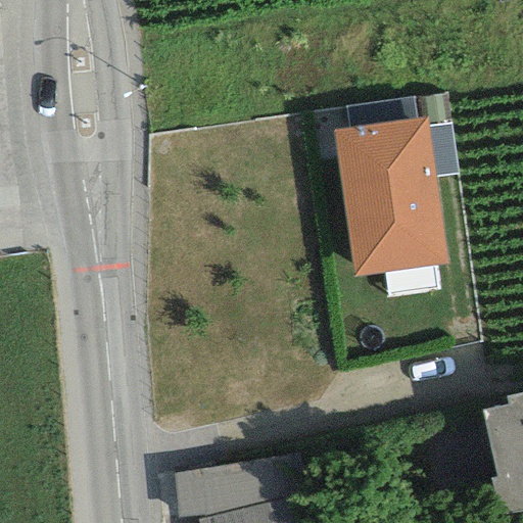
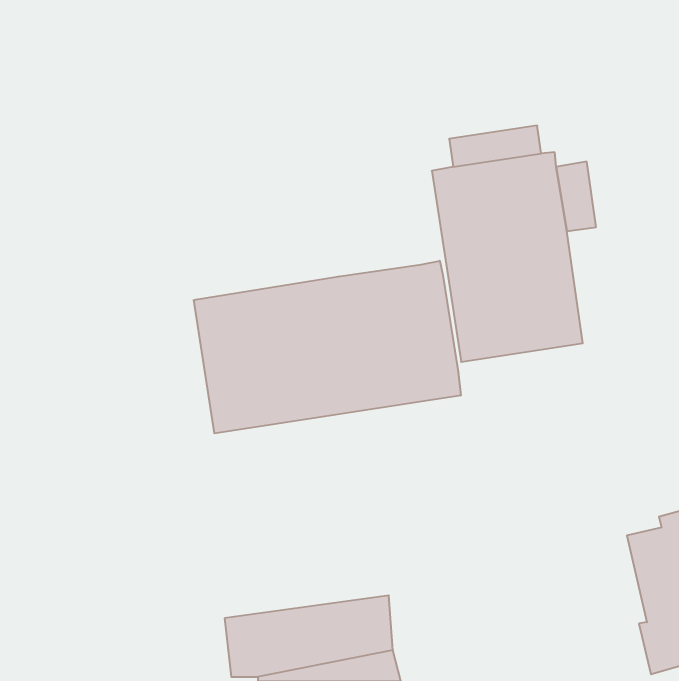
building: none -> [194,261,461,433]

